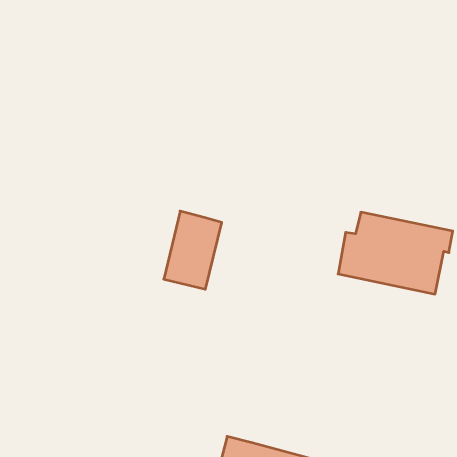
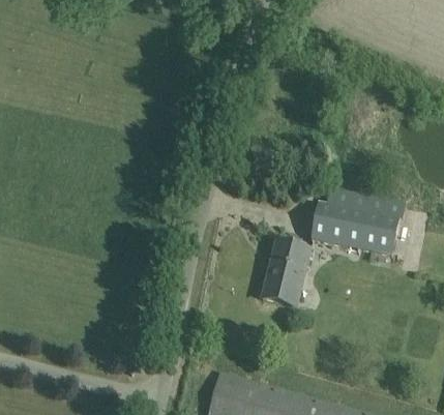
building: [164,211,222,289] -> [262,242,309,306]

